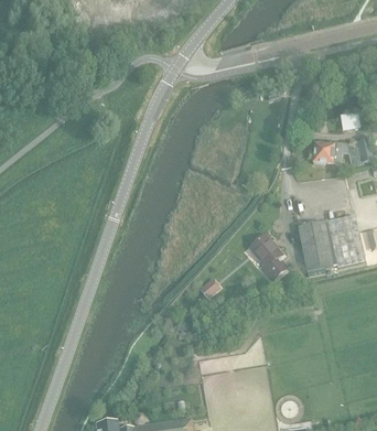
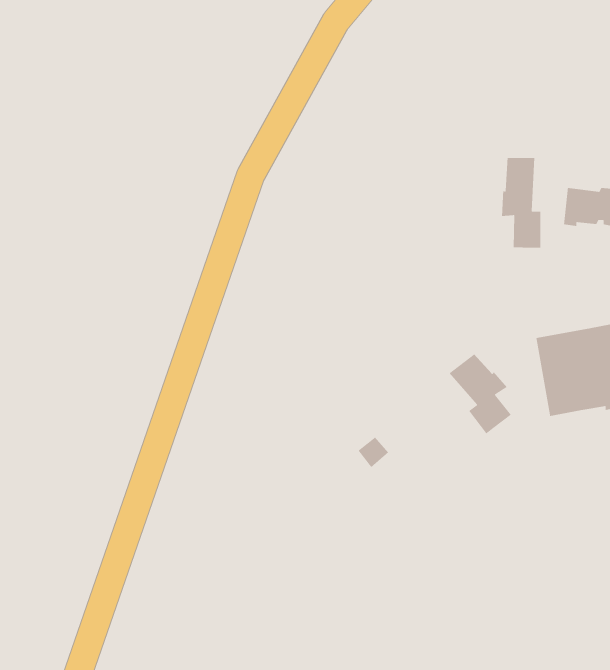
building: none -> [501,157,541,248]

